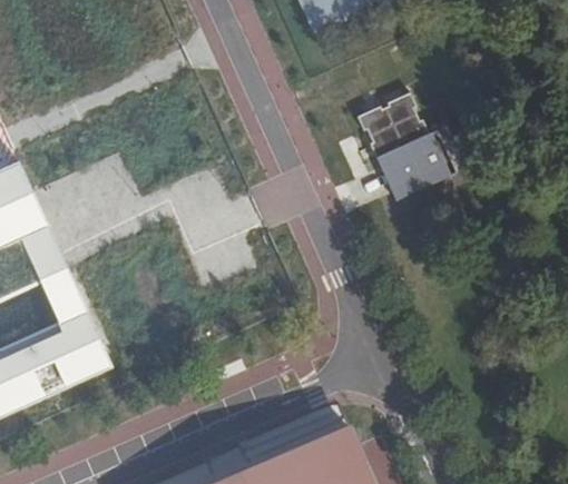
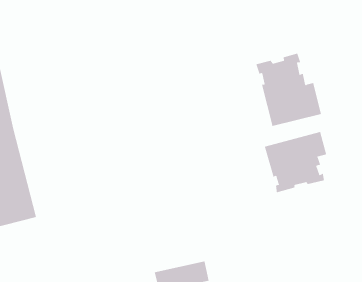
building: none -> [264,131,327,193]

